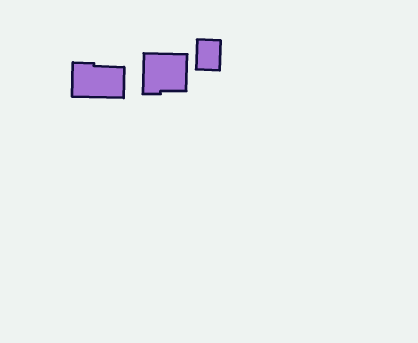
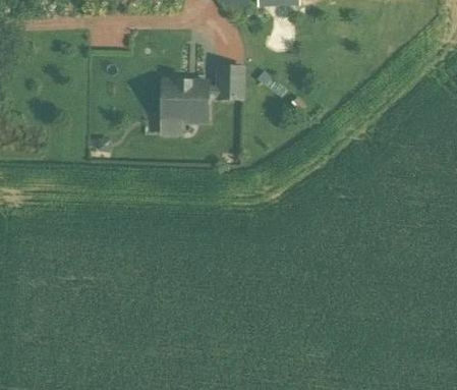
building: [72,62,124,98] -> none

